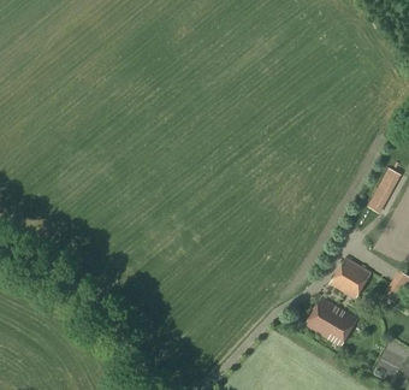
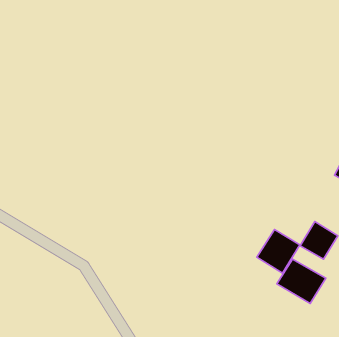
building: none -> [257,230,300,273]

